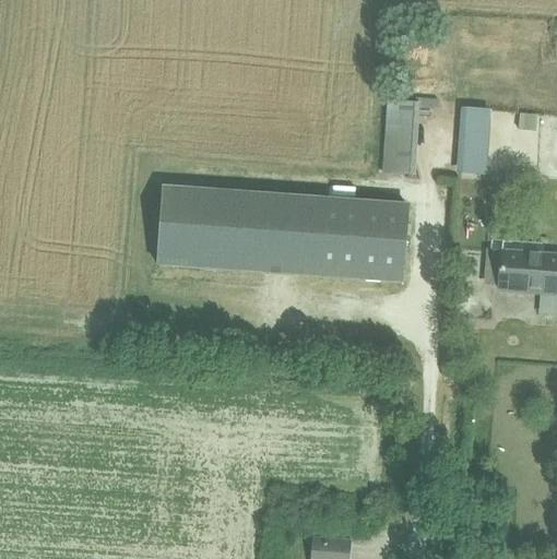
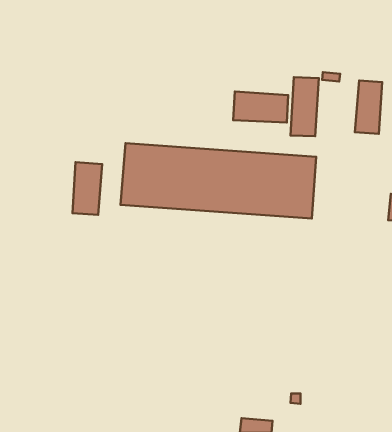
building: none -> [233,92,288,122]
building: none -> [73,162,102,215]

